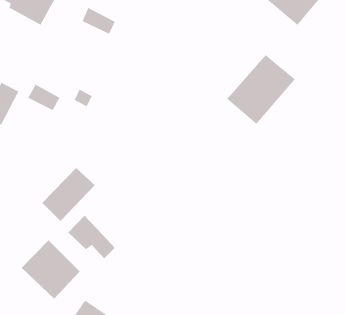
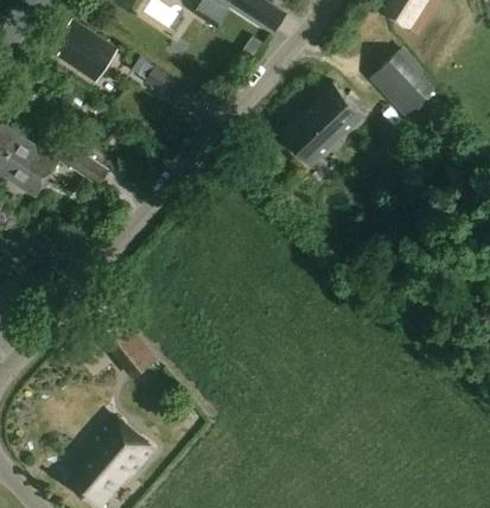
building: [226,54,296,125] -> [280,82,367,166]
building: [41,167,95,222] -> none
building: [21,240,81,300] -> none

